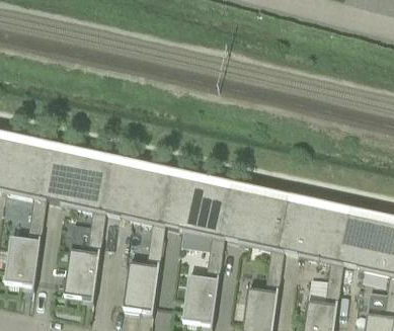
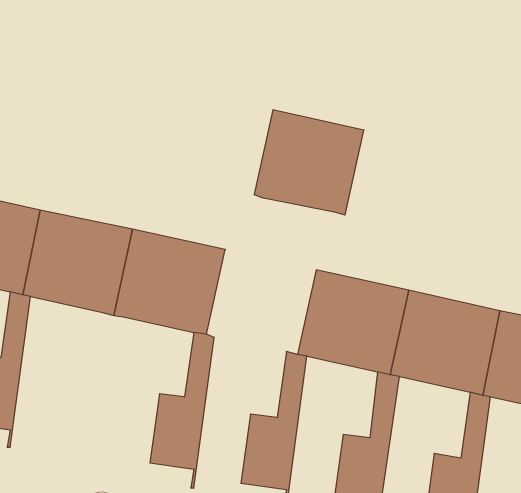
building: [159,170,230,238] -> [254,110,364,215]
building: [63,211,105,311] -> none

